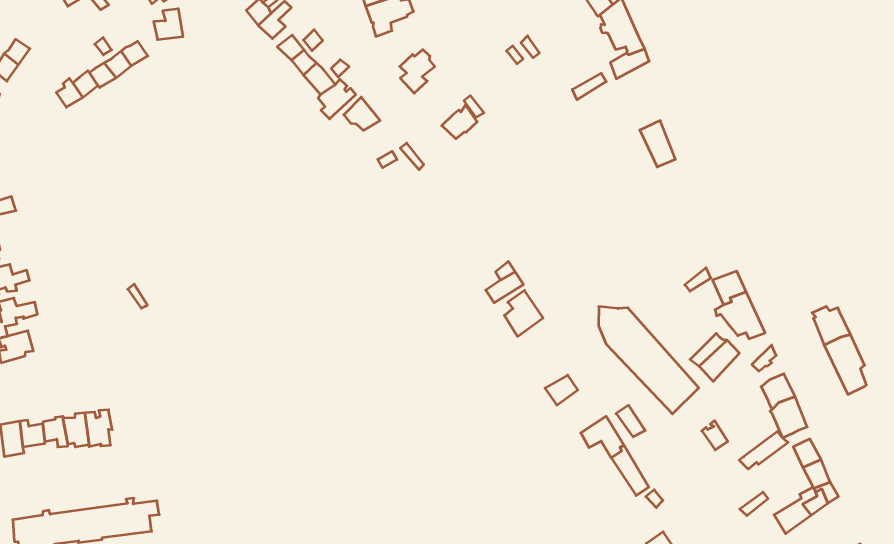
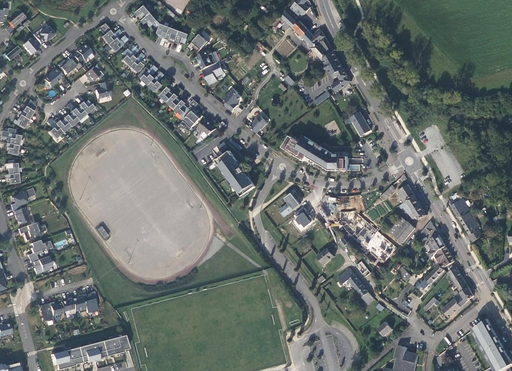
building: none -> [281,136,347,171]
building: none -> [215,150,254,196]

